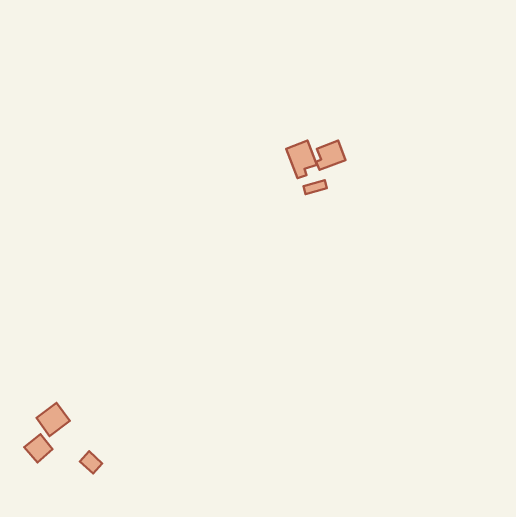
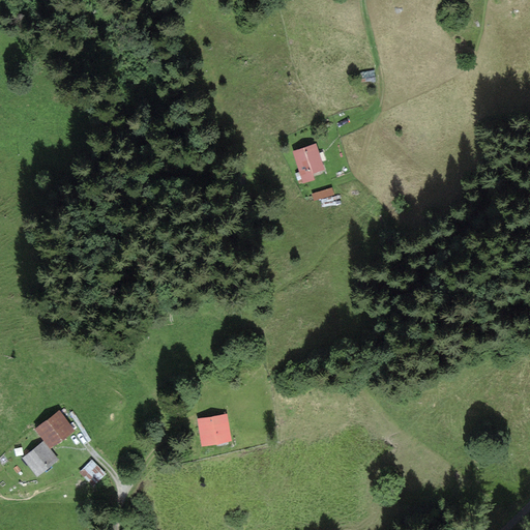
building: [316,141,345,170] -> none
building: none -> [199,416,230,444]

